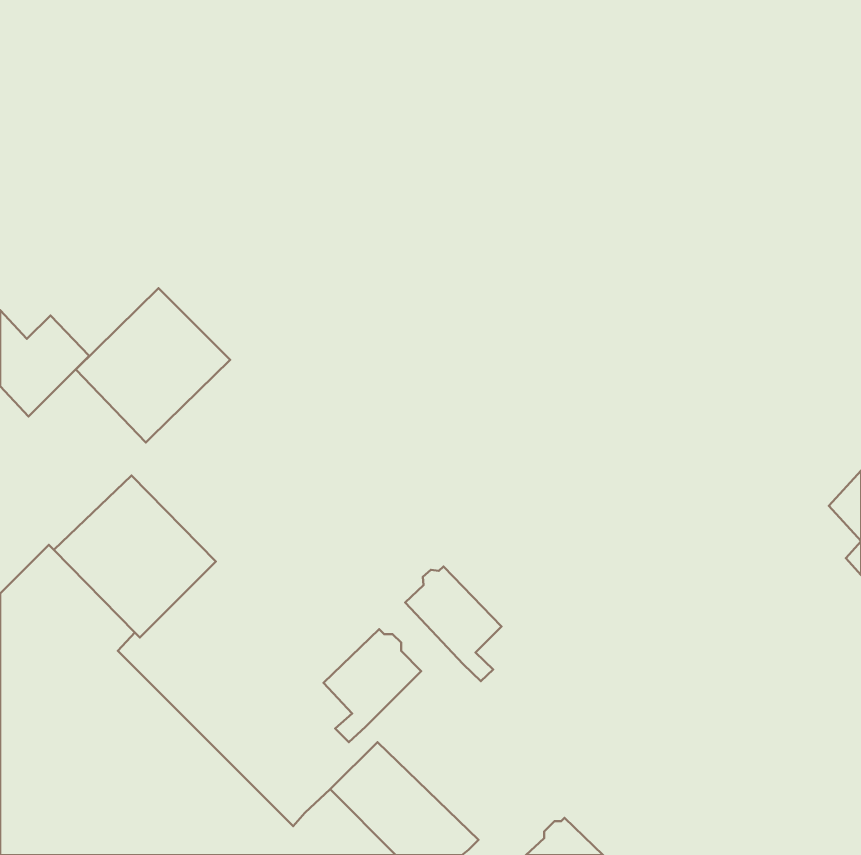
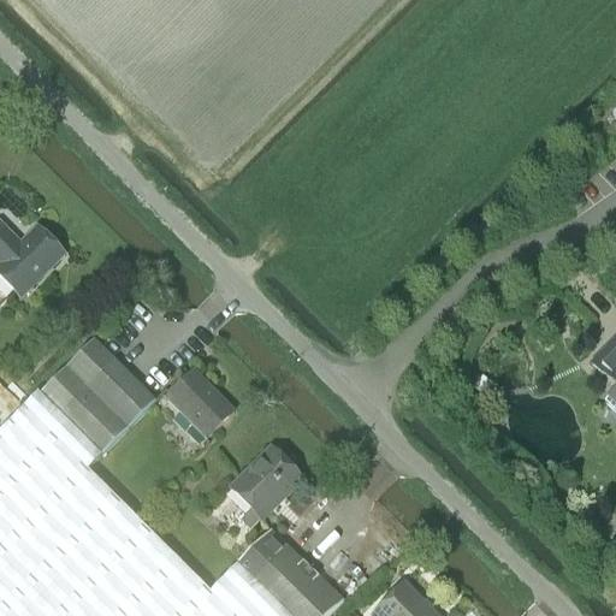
building: [76,288,230,442] -> none
building: none -> [166,371,233,438]
building: [405,567,502,681] -> none

